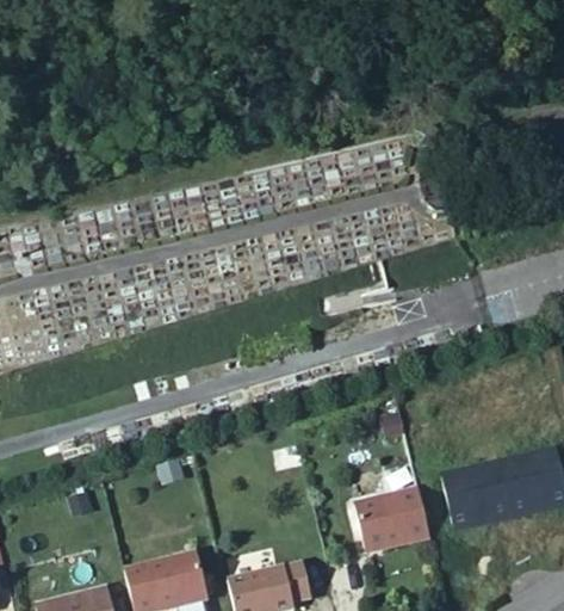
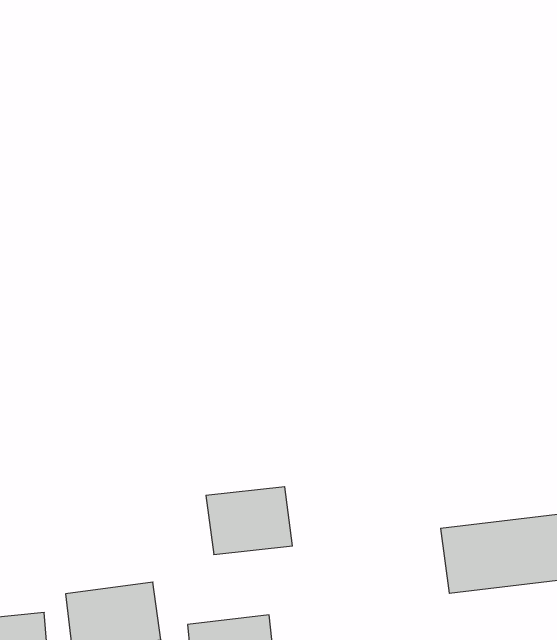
building: [351,493,429,557] -> [206,487,292,554]

